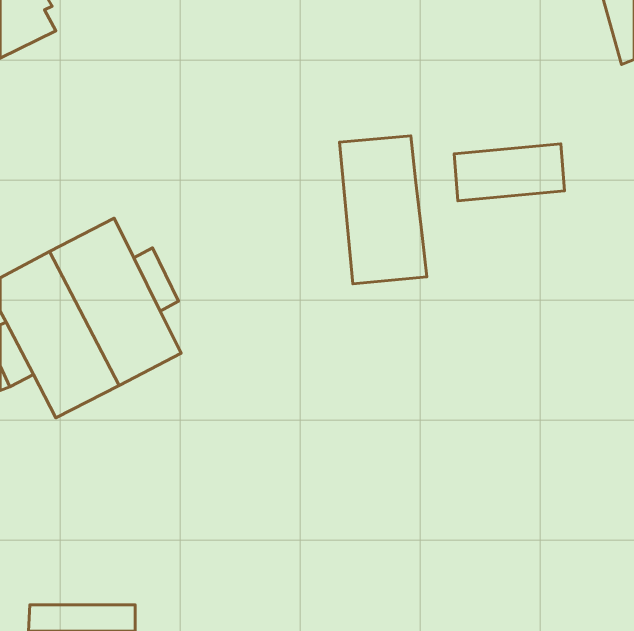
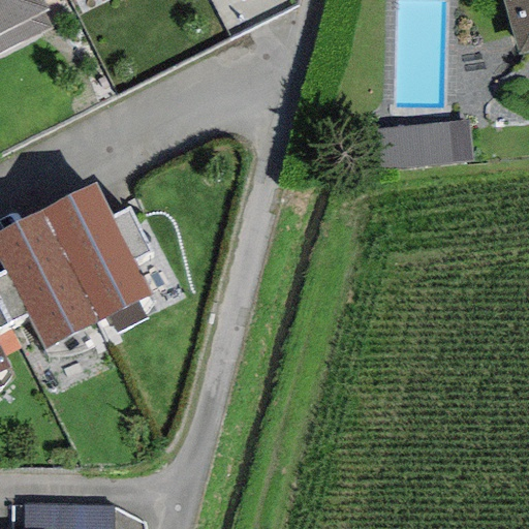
building: [340,136,427,284] -> none

